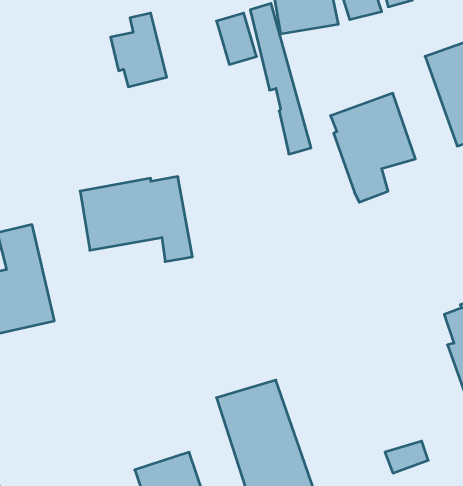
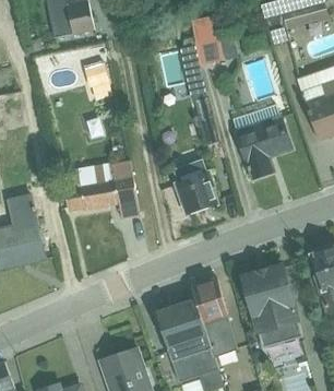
building: none -> [174,159,217,215]
building: none -> [242,264,301,346]
building: none -> [191,279,236,356]

